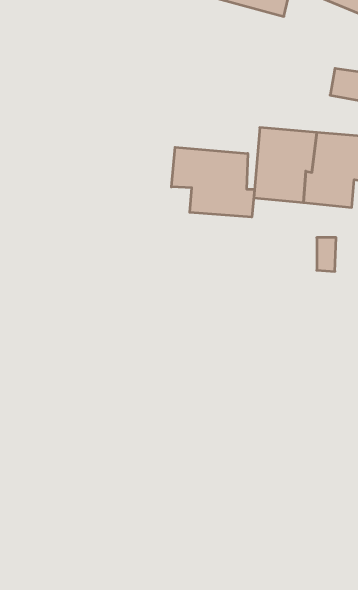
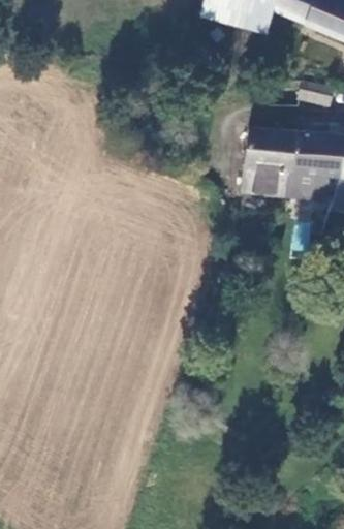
building: [171,147,254,217] -> none

